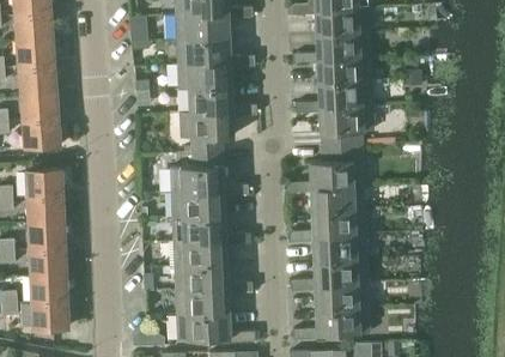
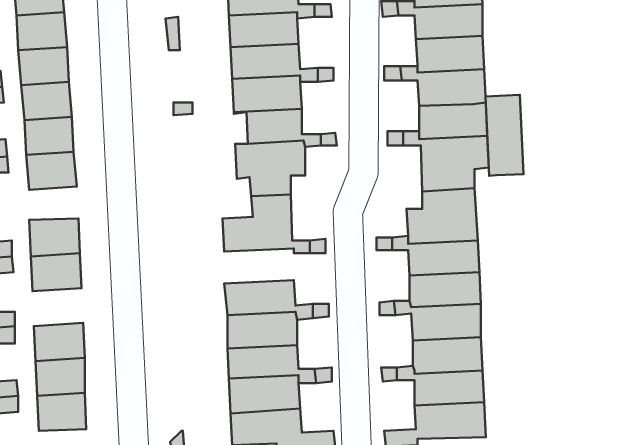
building: none -> [486,95,524,176]
building: [171,192,224,218] -> none
building: [26,222,65,250] -> none

